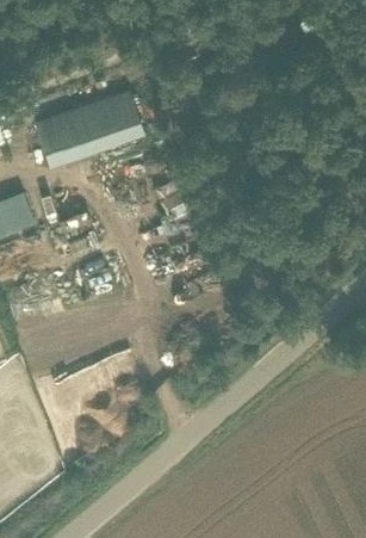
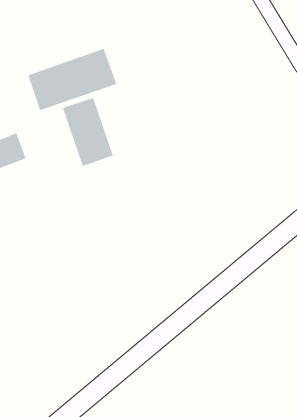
building: none -> [62,97,113,167]

